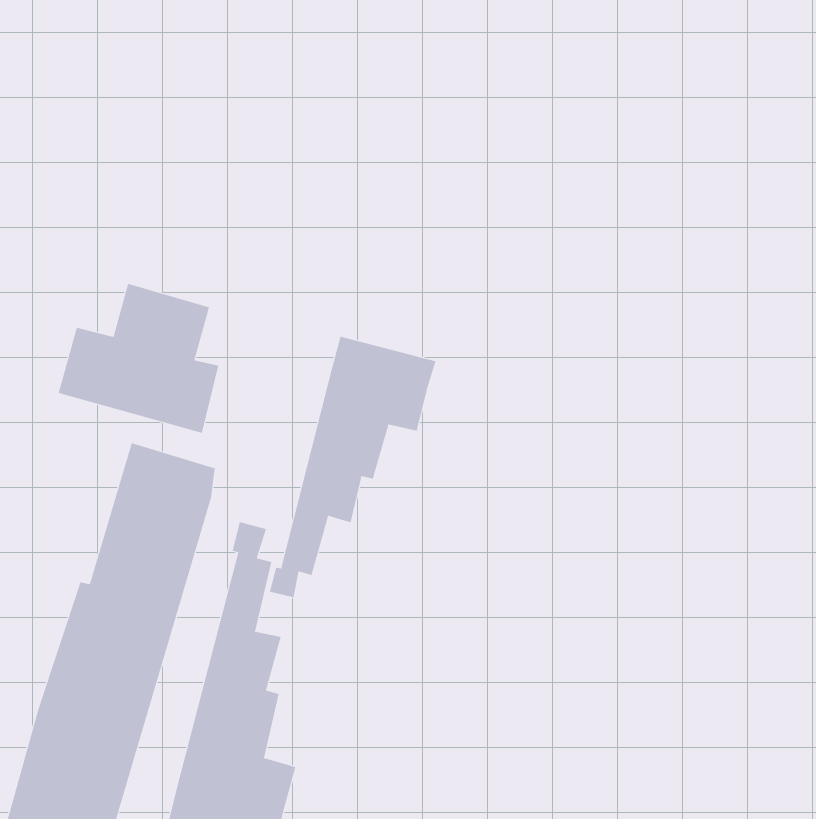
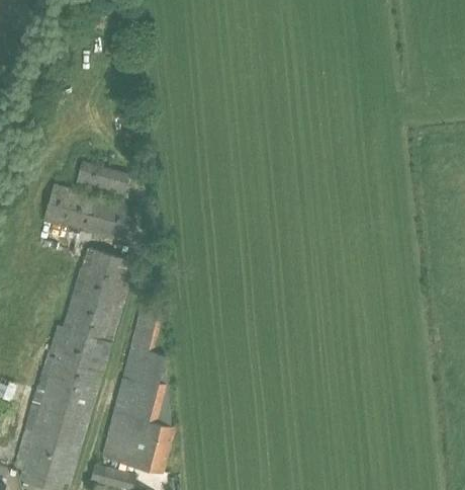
building: [269,336,436,598] -> none

